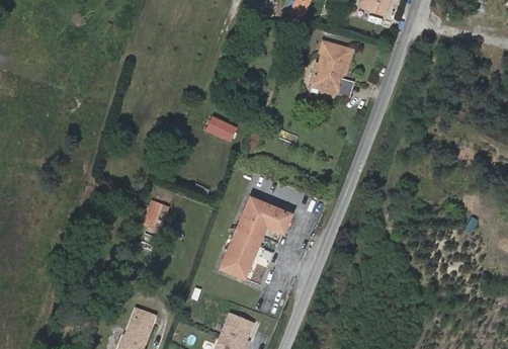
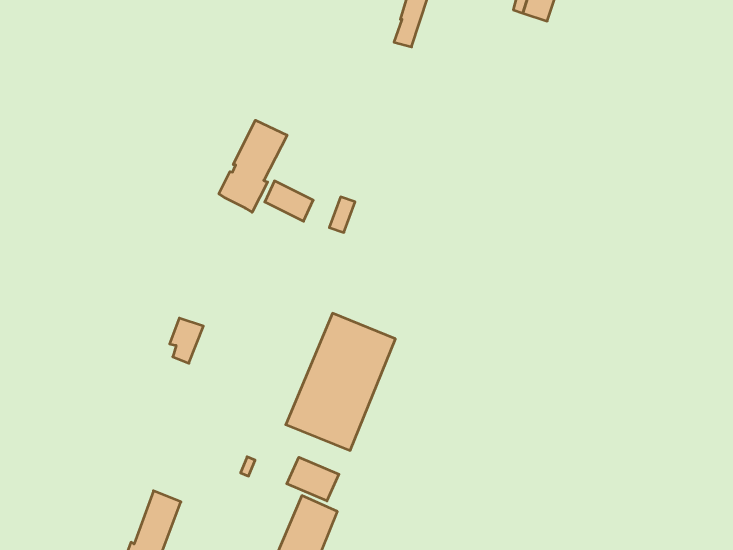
building: [308,40,350,94] -> none
building: none -> [219,120,287,212]
building: none -> [287,457,339,501]

